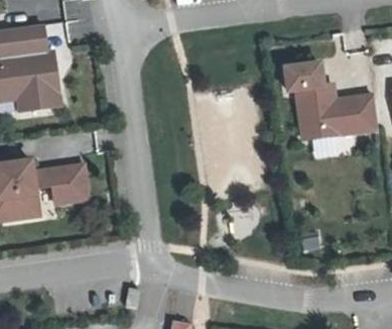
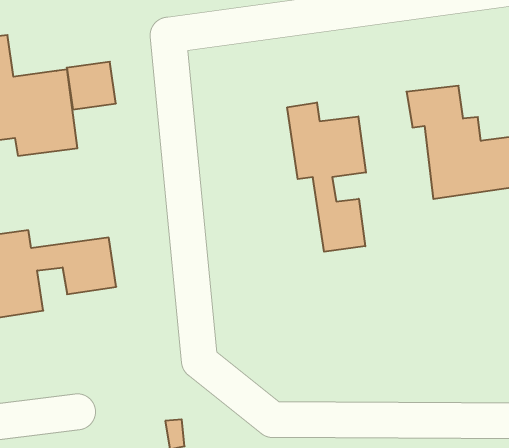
building: [14,24,47,57] -> [67,62,116,109]
building: none -> [287,102,366,252]

